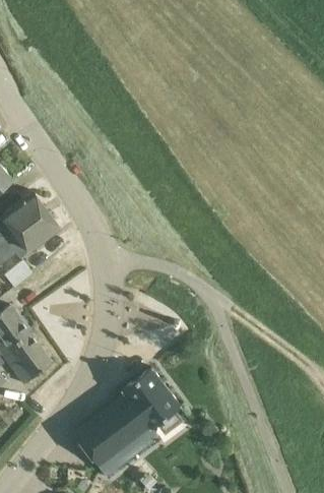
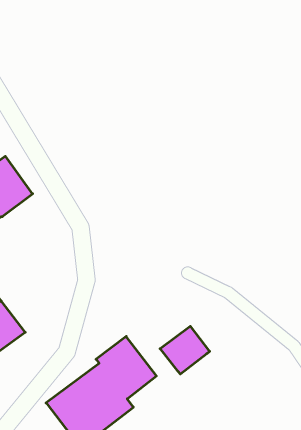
building: none -> [160,326,210,374]

